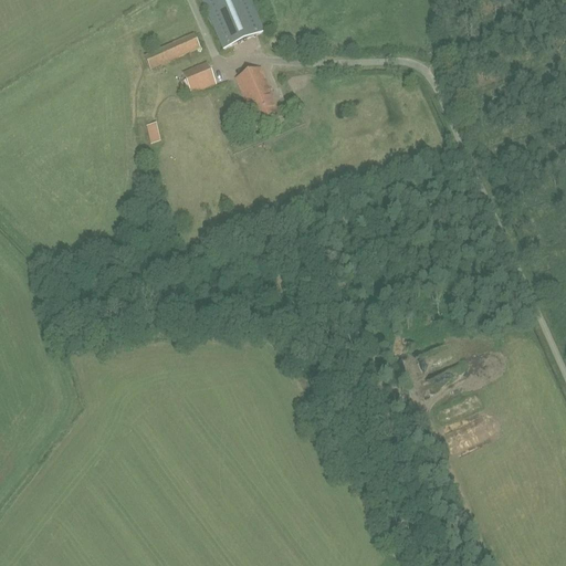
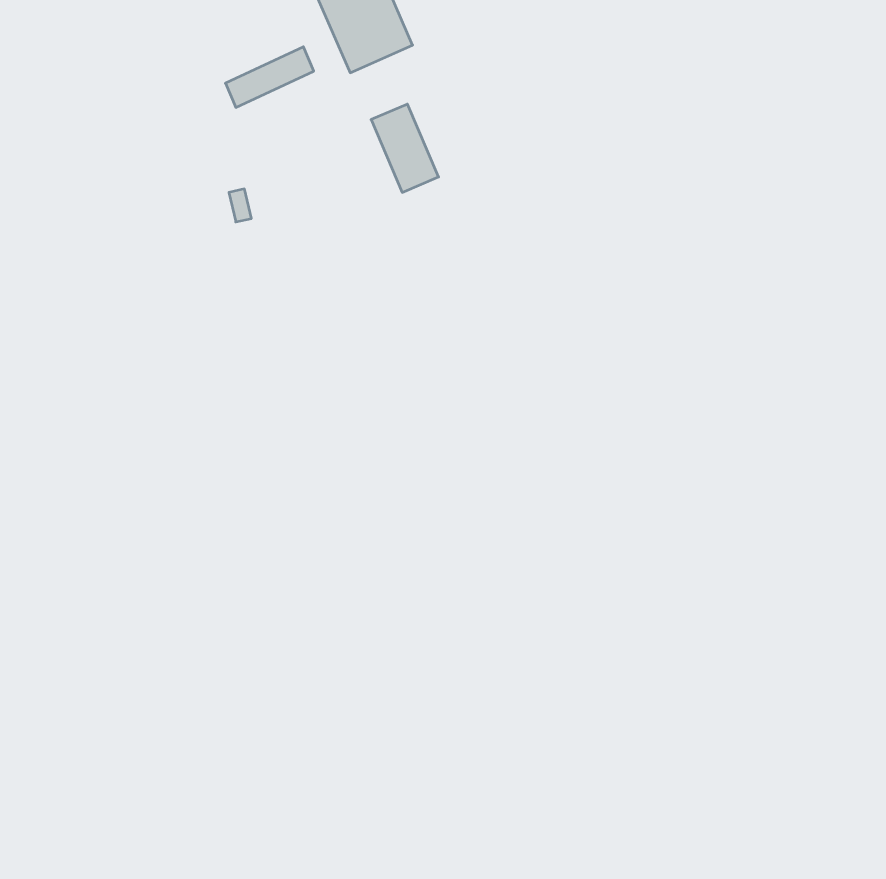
building: [184,61,214,91] -> none

